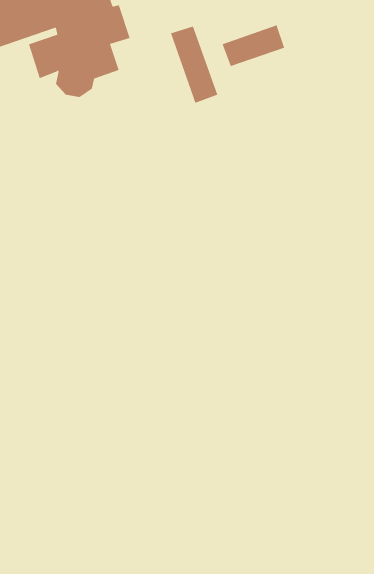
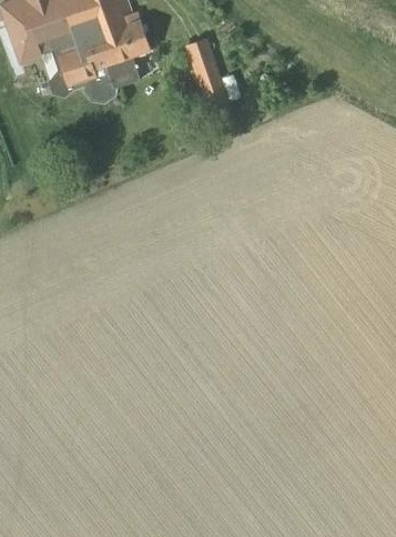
building: [222,24,285,67] -> none

